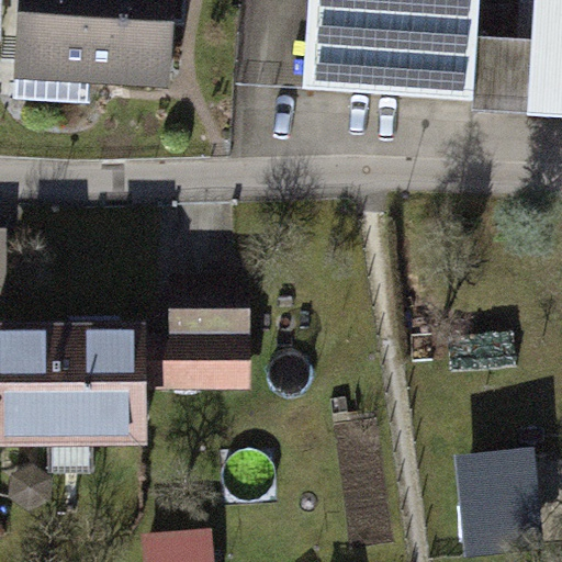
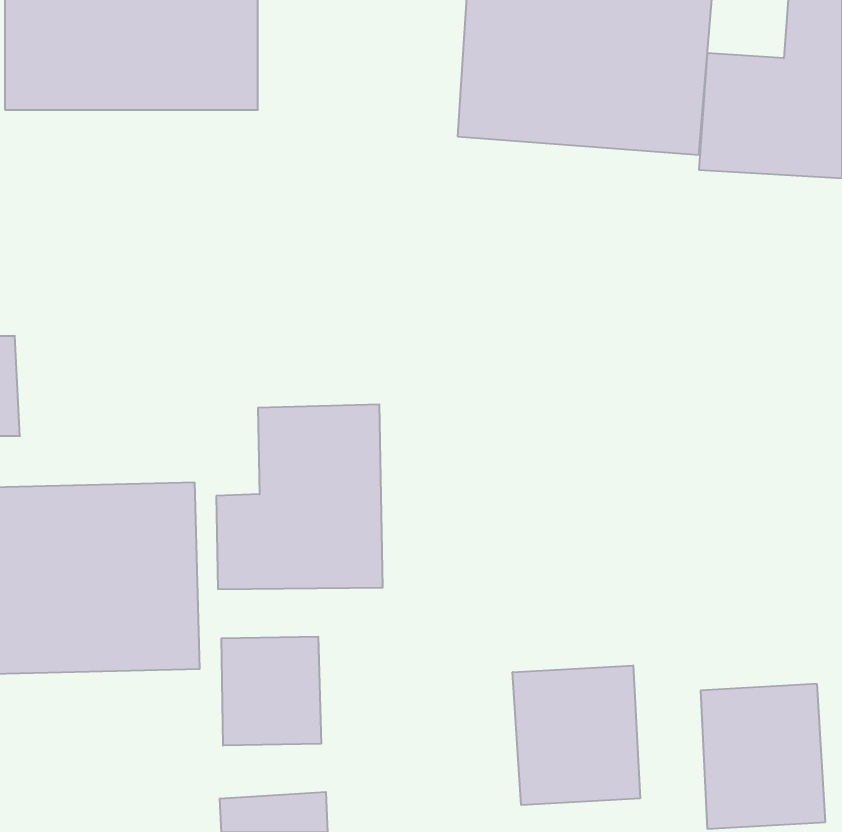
building: none -> [222,637,321,746]
building: none -> [513,665,640,805]

